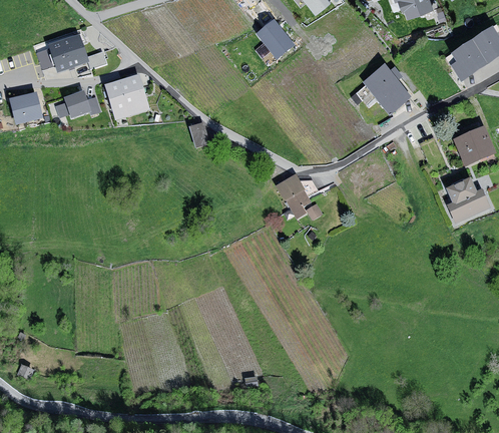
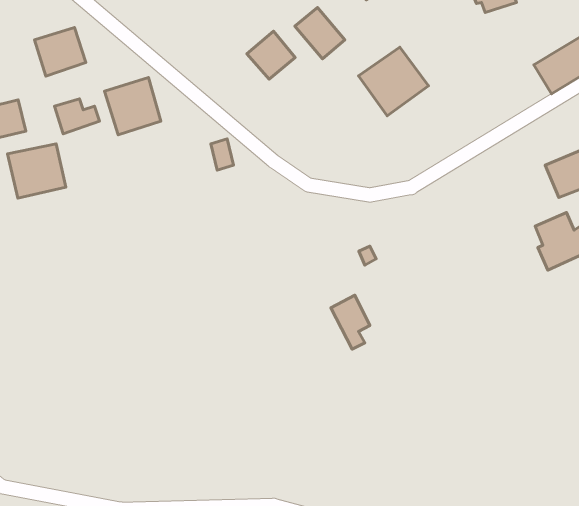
building: none -> [247,31,295,79]
building: [365,62,421,117] -> [358,47,429,116]
building: none -> [8,144,66,198]
building: [278,178,309,222] -> [331,295,370,349]

